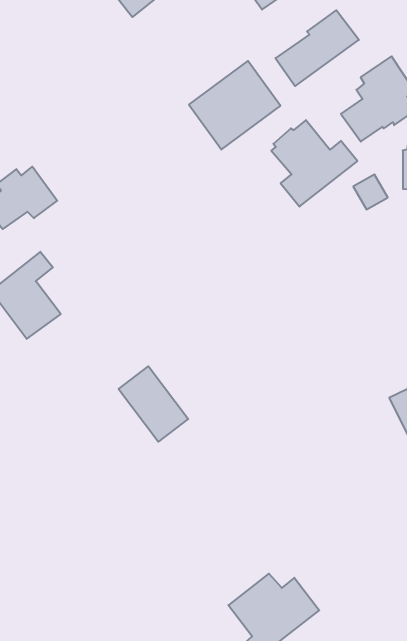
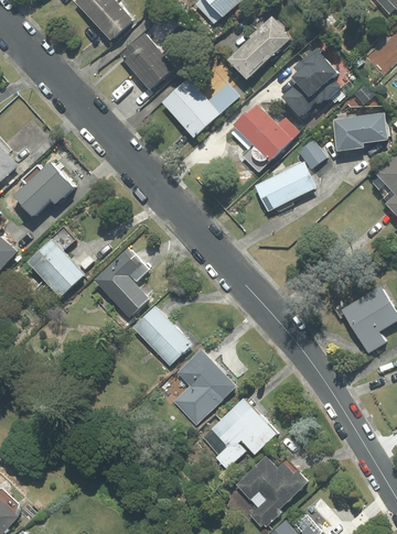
building: none -> [121,34,172,87]
building: none -> [256,163,314,211]
building: none -> [95,249,147,315]
building: none -> [162,351,234,423]
building: none -> [202,400,275,468]

